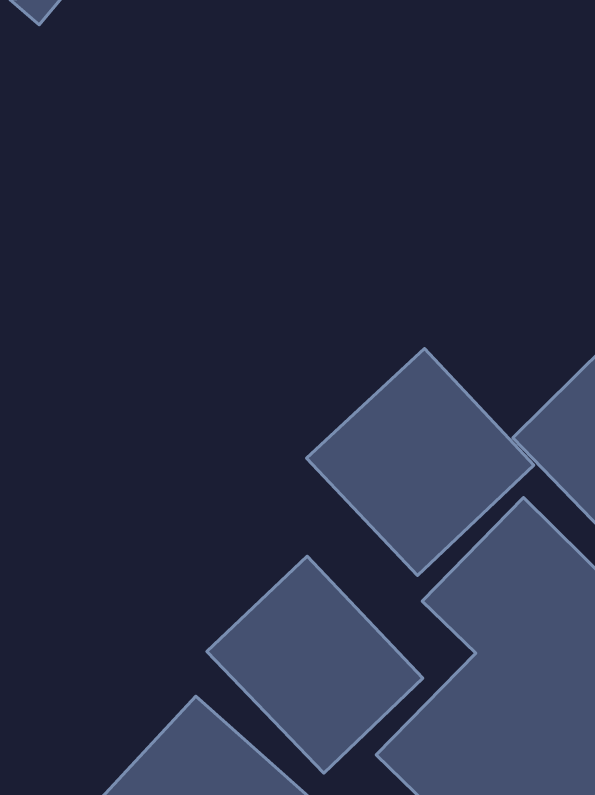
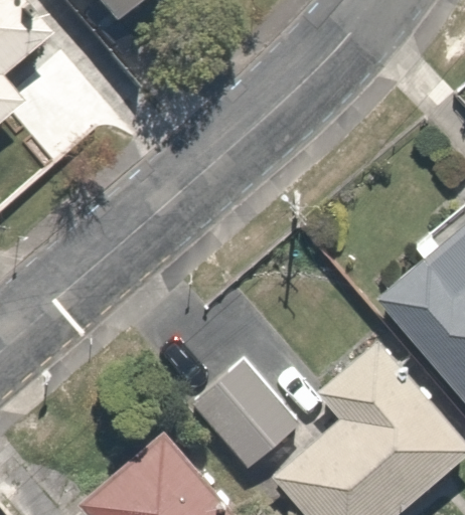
building: [307,349,534,575] -> none

